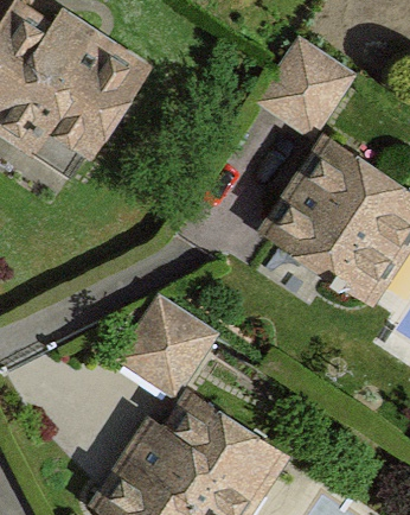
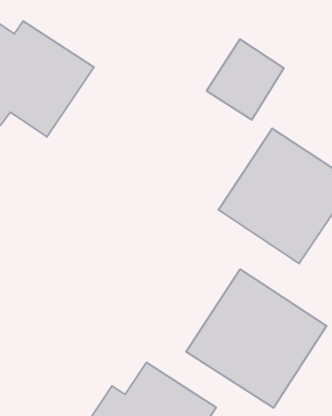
building: none -> [186,269,327,408]
building: [124,301,214,394] -> none

